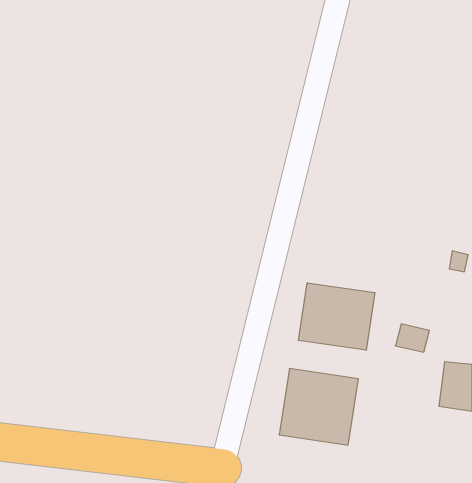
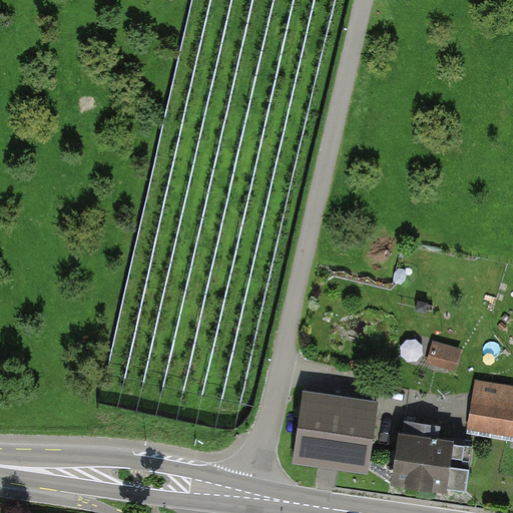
building: [299,283,375,350] -> none
building: none -> [401,434,459,488]

